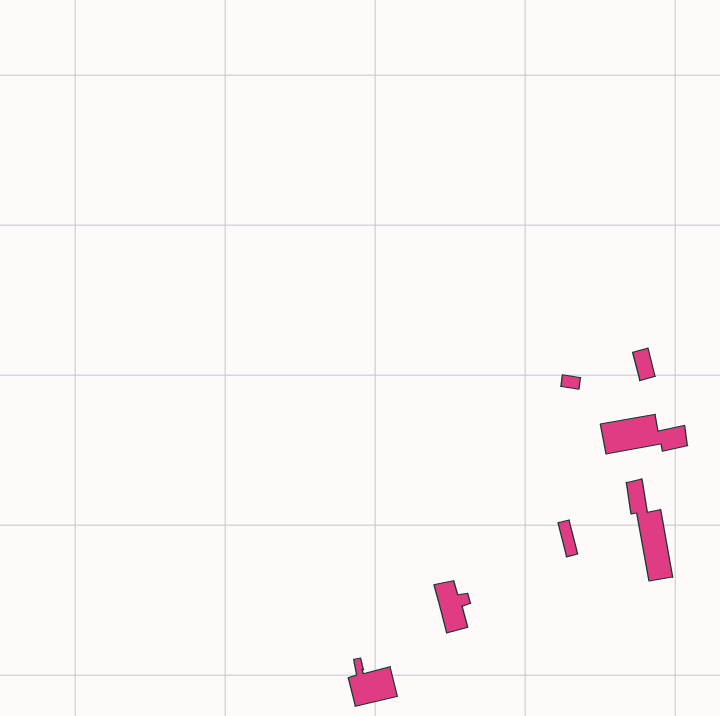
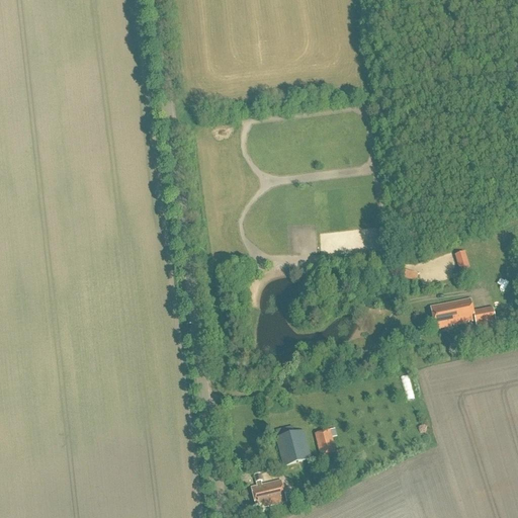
building: [626,479,673,581] -> none
building: none -> [276,425,310,464]

